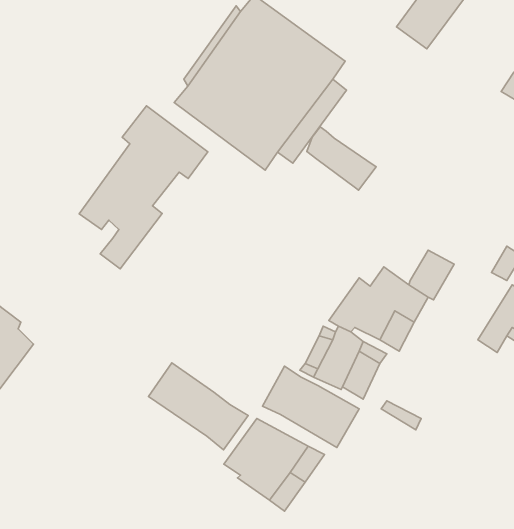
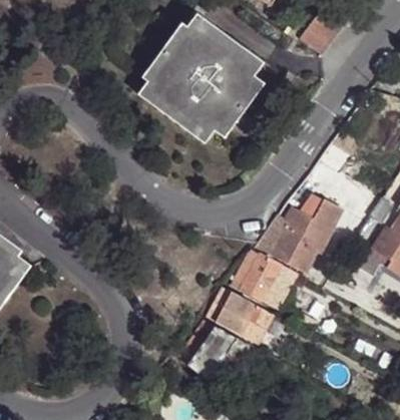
building: [79,106,208,269] -> none
building: [307,127,376,190] -> none
building: [149,363,248,450] -> none

